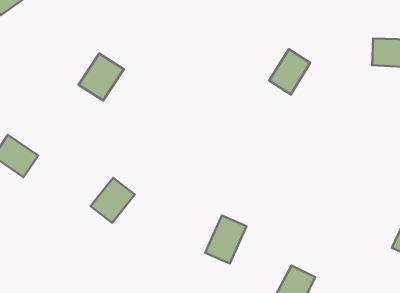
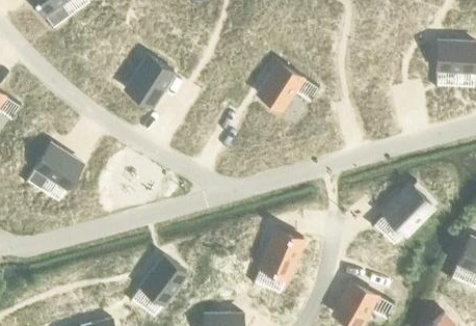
building: [269,49,310,94] -> [258,64,301,112]
building: none -> [385,189,431,236]
building: [91,178,135,223] -> [140,259,187,306]

